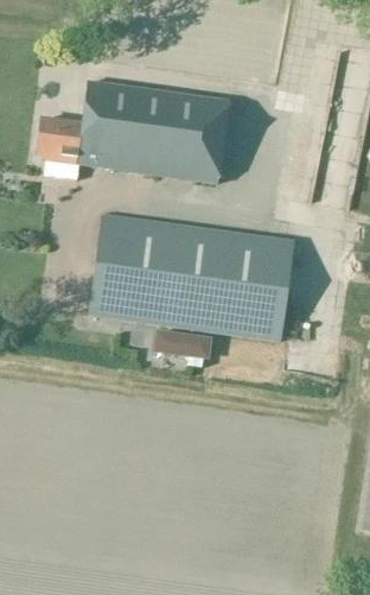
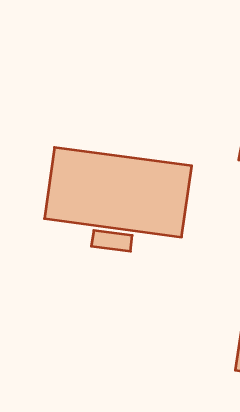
building: [39,80,234,183] -> none

